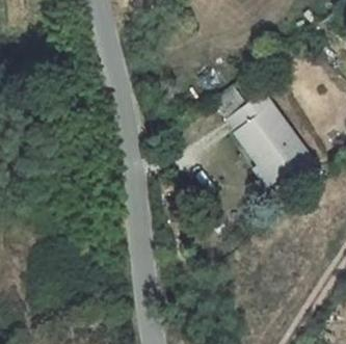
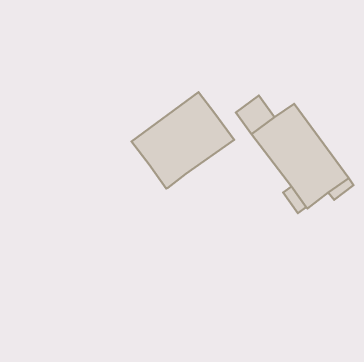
building: none -> [132,92,234,189]

